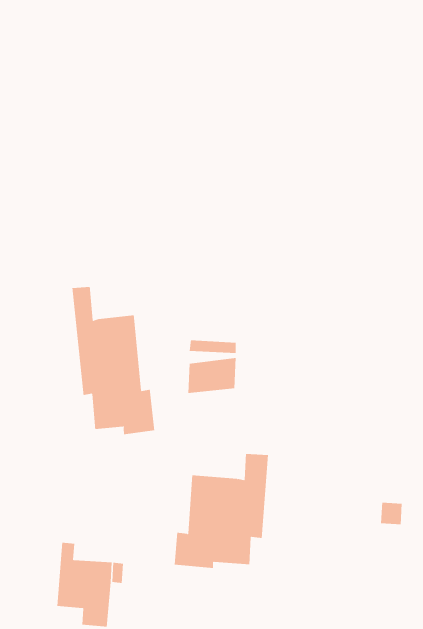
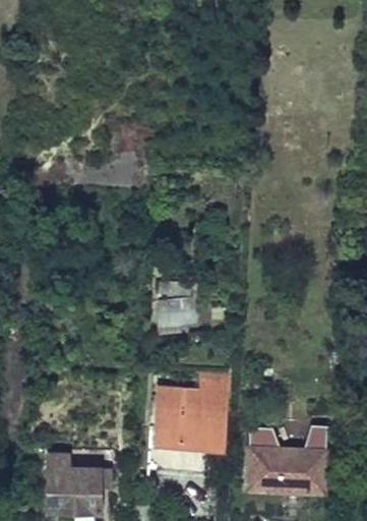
building: [72,286,155,435] -> none
building: none -> [248,448,324,489]

